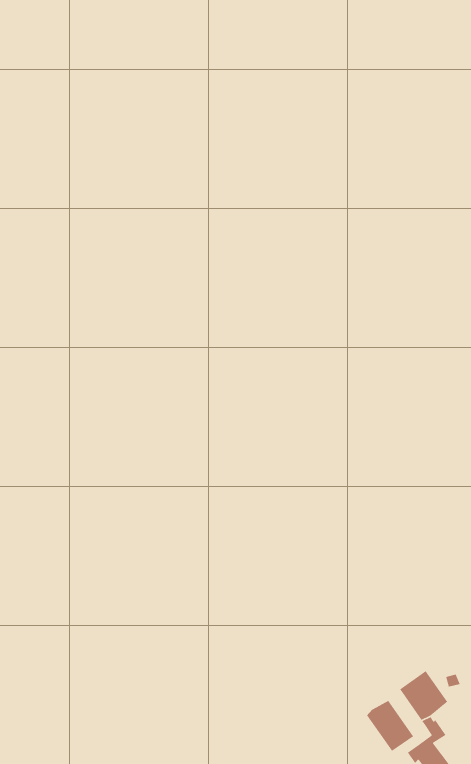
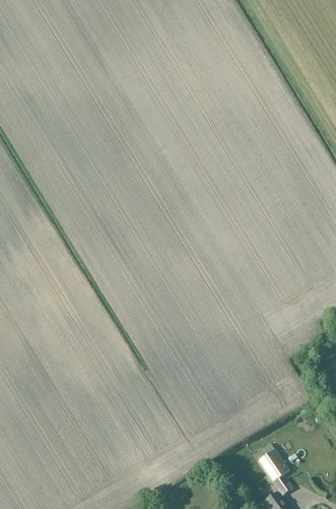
building: [366,700,414,752] -> none

